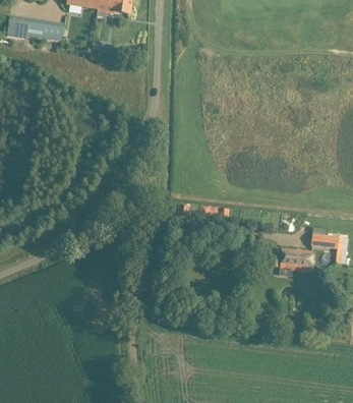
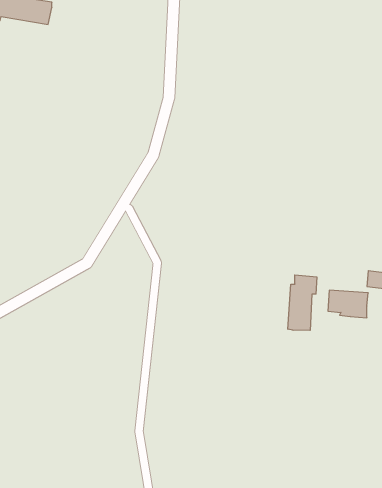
building: none -> [288,275,317,330]

